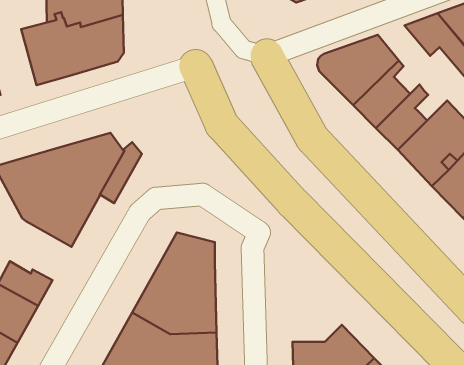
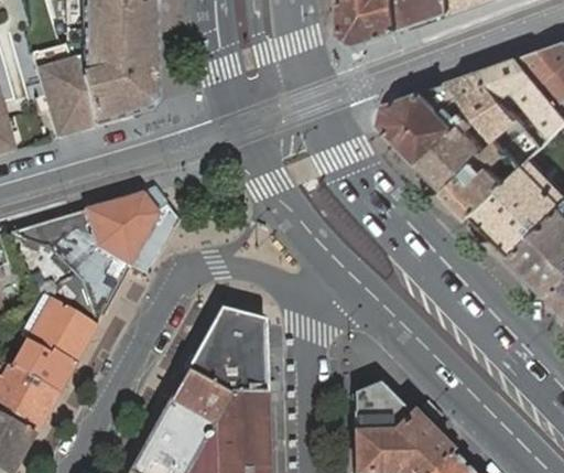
building: none -> [455,67,533,143]
building: none -> [22,299,99,363]
building: none -> [355,381,413,434]

